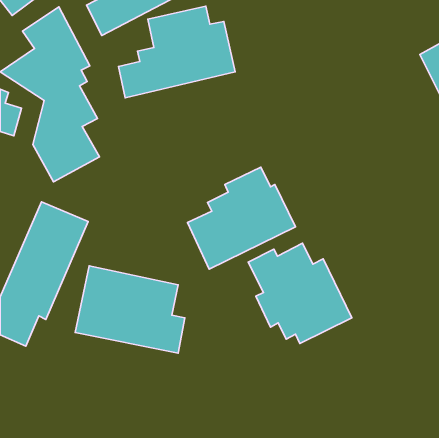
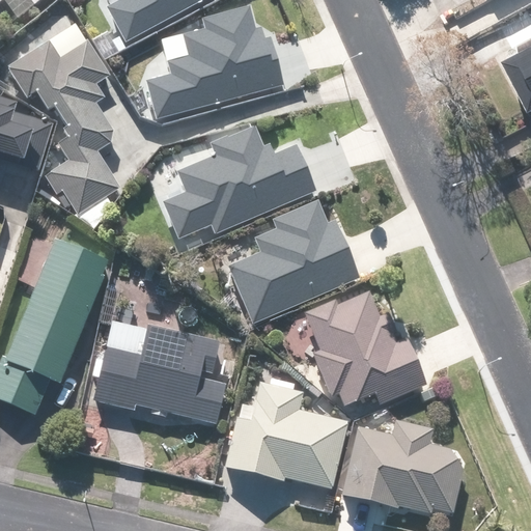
building: none -> [164,128,316,244]
building: none -> [226,382,346,511]
building: none -> [340,419,466,518]

